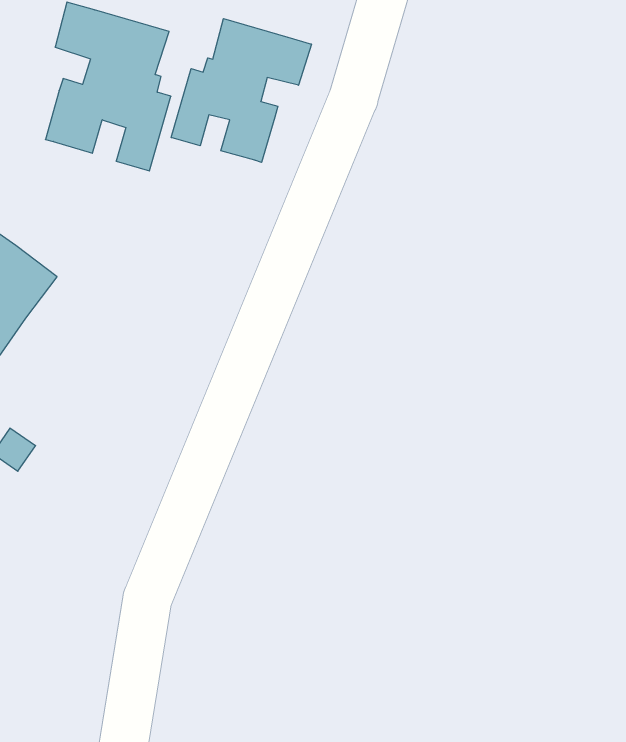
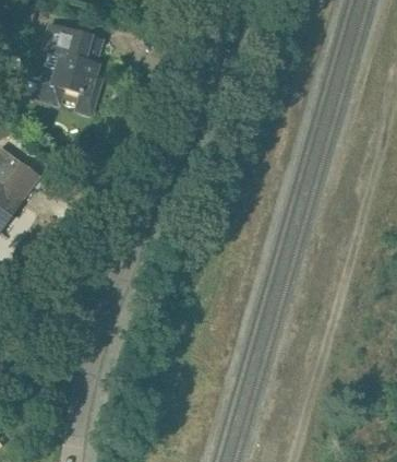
building: [171,19,311,162] -> none

